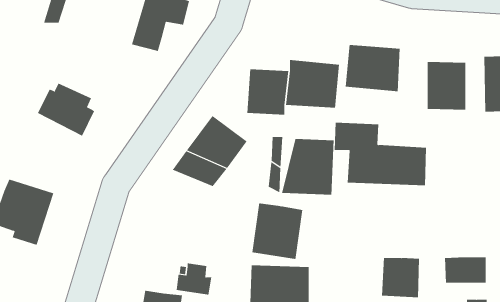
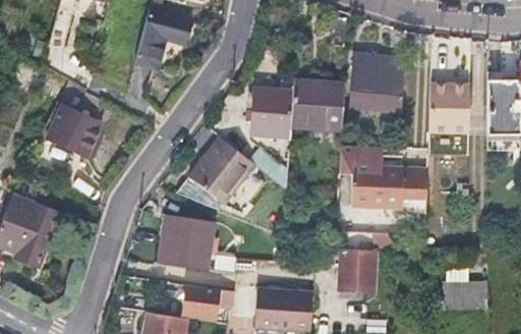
building: [282,138,334,195] -> none
building: [252,203,303,259] -> [161,214,213,271]
building: [381,258,420,298] -> [341,250,380,291]

